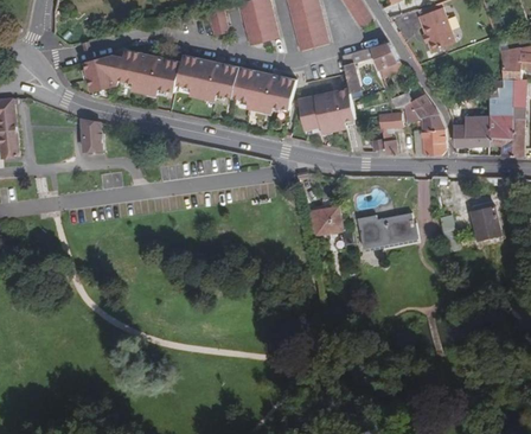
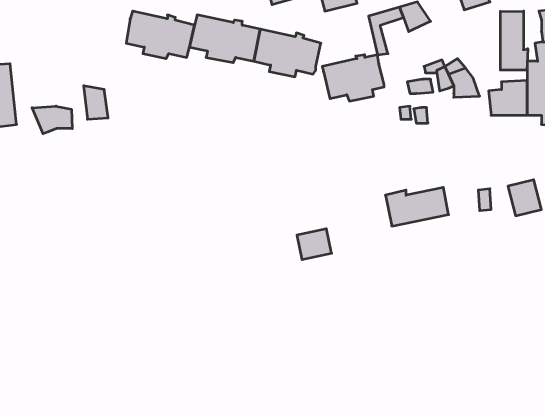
building: none -> [500,11,528,70]
building: [84,55,122,91] -> none
building: [420,129,446,155] -> none
building: none -> [32,106,72,134]
building: [309,206,341,235] -> [297,229,332,260]

